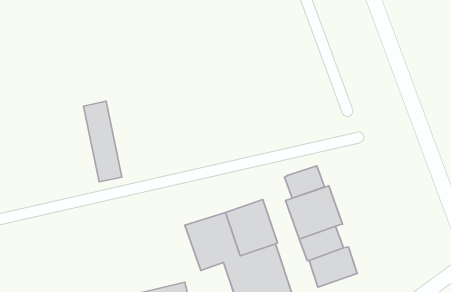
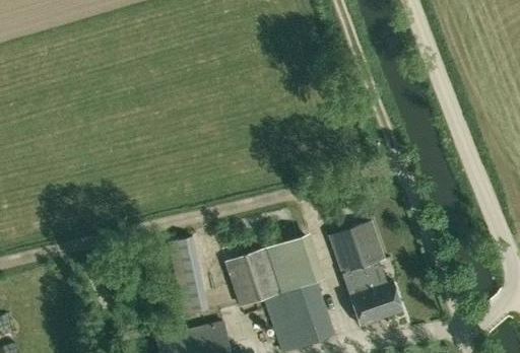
building: [83,101,122,182] -> [169,234,208,317]
building: [284,166,324,198] -> none

